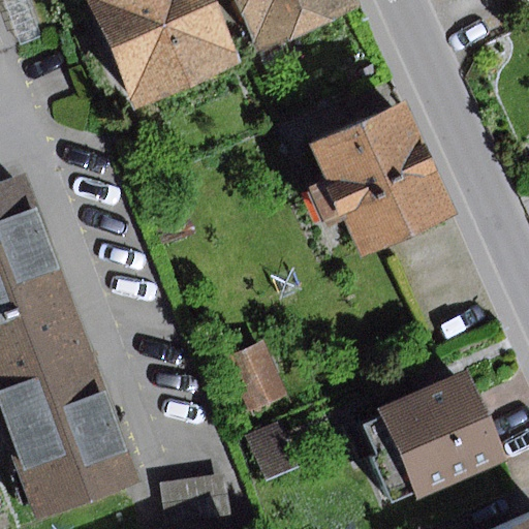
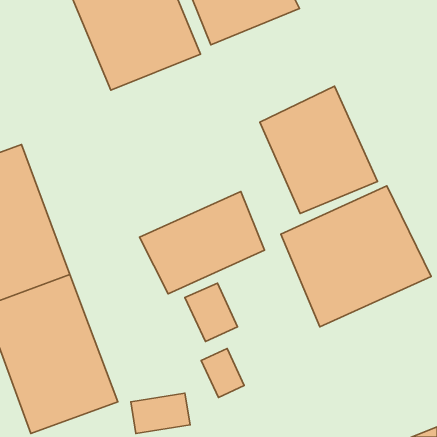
building: none -> [281,186,431,327]
building: none -> [139,192,265,294]
building: [357,370,503,500] -> none

